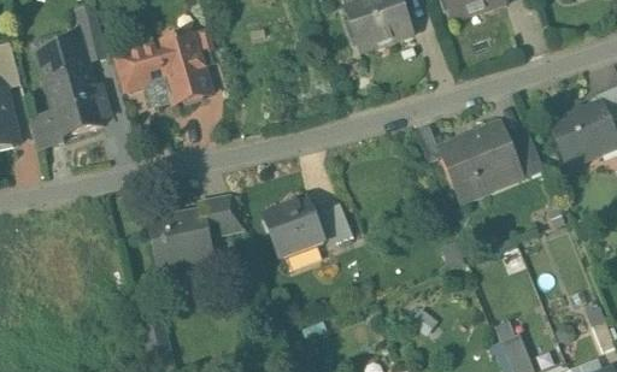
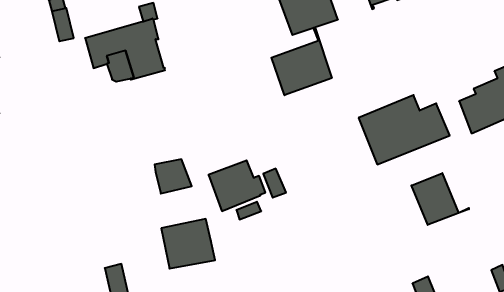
building: [29,42,107,147] -> none
building: none -> [271,28,332,95]
building: [148,209,211,267] -> [161,219,215,269]
building: none -> [411,173,469,225]

